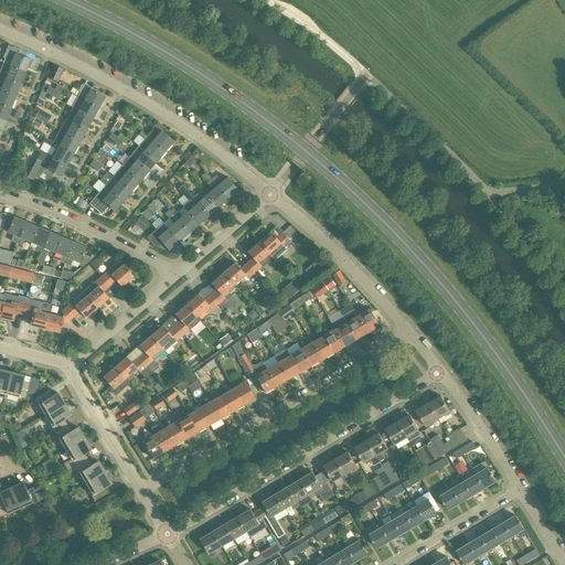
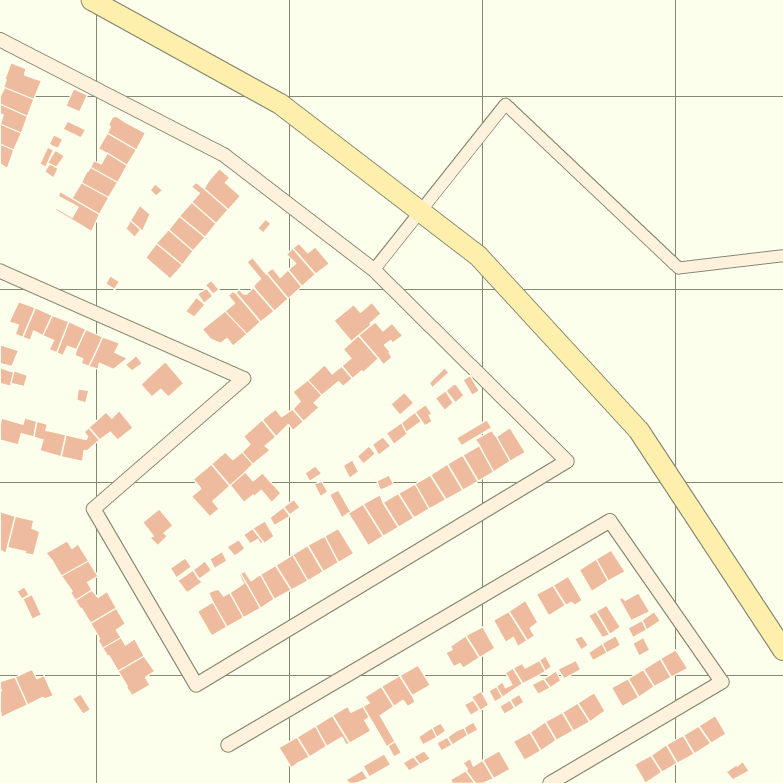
building: [34,151,66,183] -> none
building: [89,185,122,214] -> none
building: none -> [334,303,381,341]
building: [83,277,109,308] -> none
building: [115,356,151,379] -> [230,472,281,502]
building: [301,470,333,501] -> none

